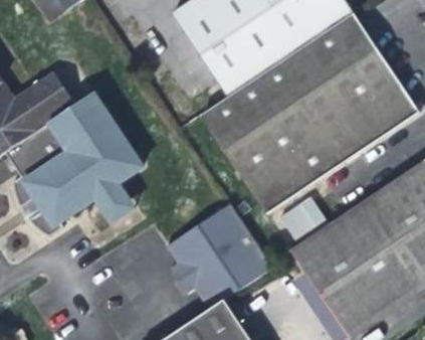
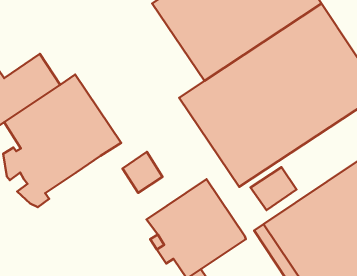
building: [90,178,134,222] -> [122,152,163,193]

